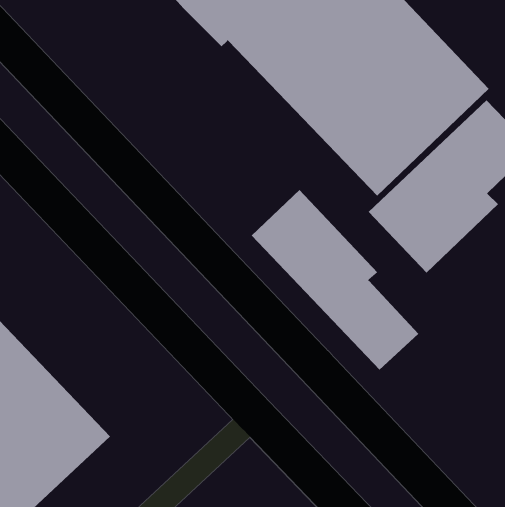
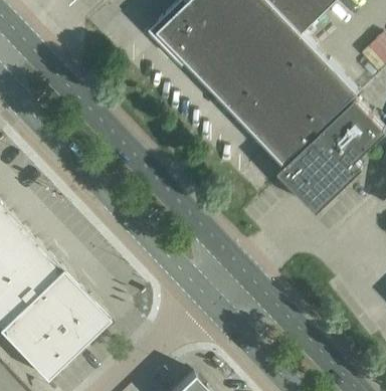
building: [251,189,419,371] -> none

